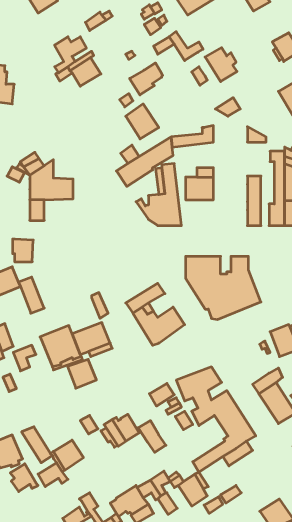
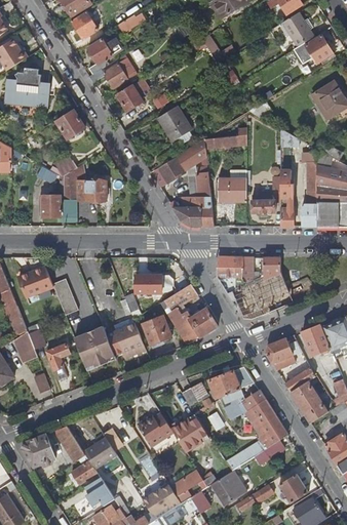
building: none -> [70,10,97,38]
building: [205,48,237,82] -> [281,11,313,45]
building: [130,63,163,95] -> [117,78,150,110]
building: none -> [55,109,83,137]
building: none -> [252,185,279,211]
building: [13,239,33,262] -> [40,194,61,216]
building: none -> [136,274,172,291]
building: none -> [264,337,295,369]
building: [68,359,96,388] -> [142,316,170,345]
building: [10,464,38,492] -> [86,478,114,506]
building: none -> [278,474,308,502]

